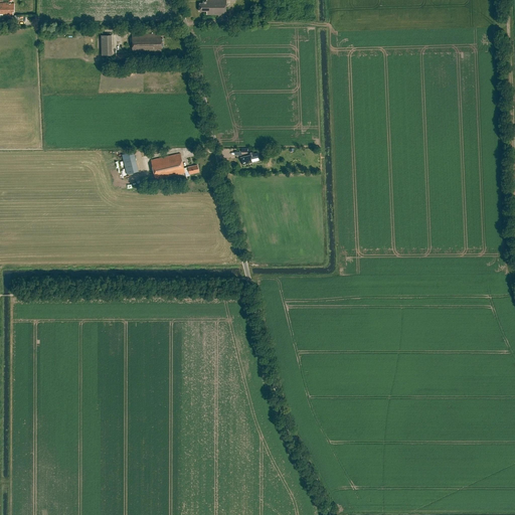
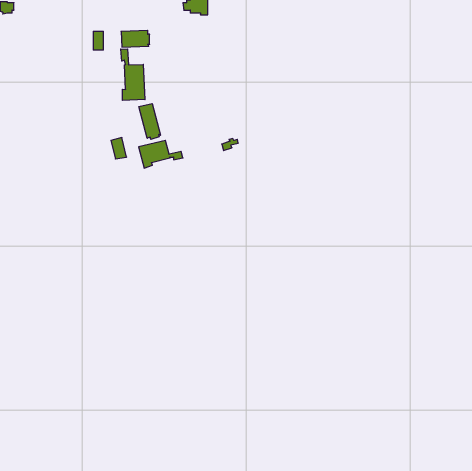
building: none -> [121,49,145,100]
building: none -> [139,104,160,139]

